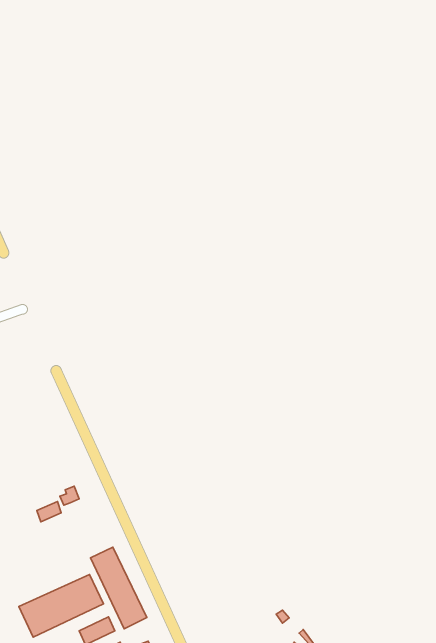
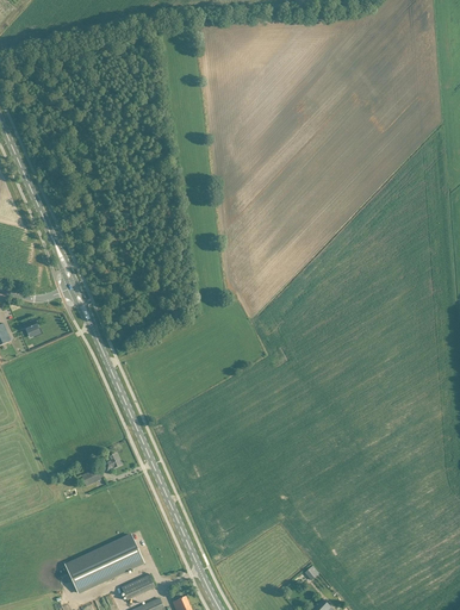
building: [90,547,147,629] -> none

